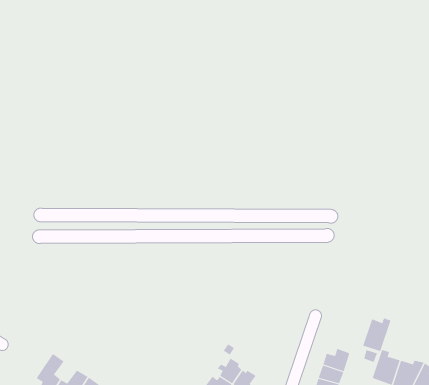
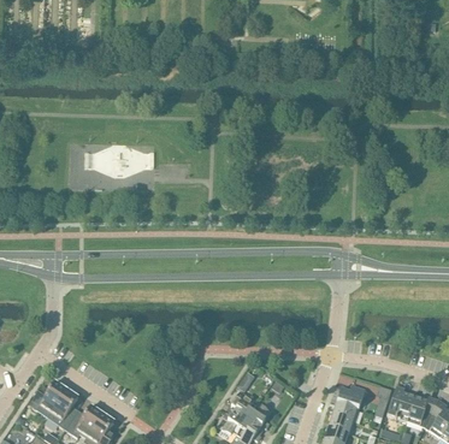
building: [363,317,391,352] -> none
building: none -> [28,380,65,414]

